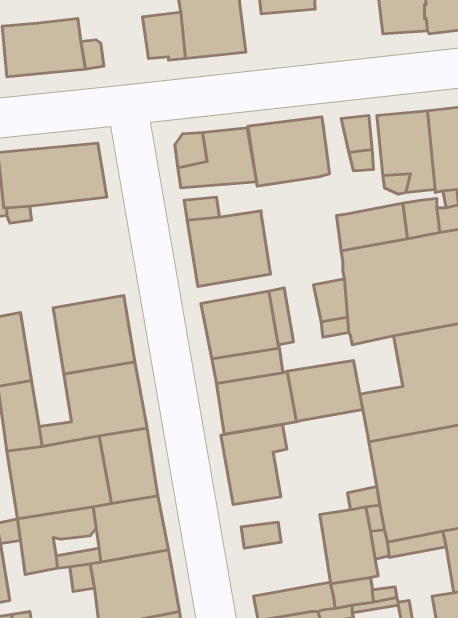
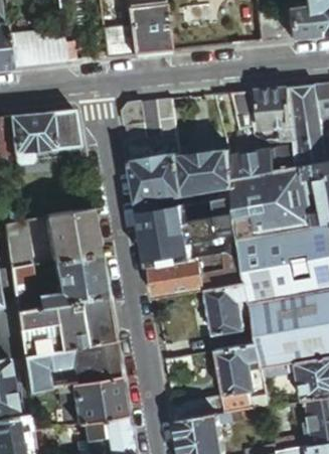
building: [248,117,330,186] -> [182,150,235,195]
building: none -> [241,236,275,274]
building: [221,424,287,504] -> [208,284,252,336]

